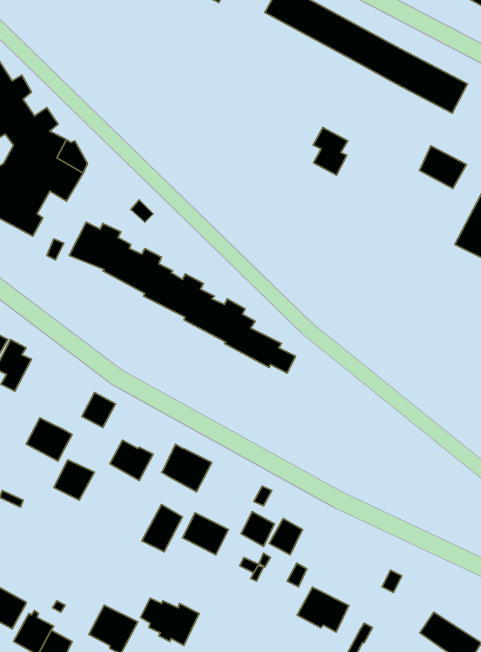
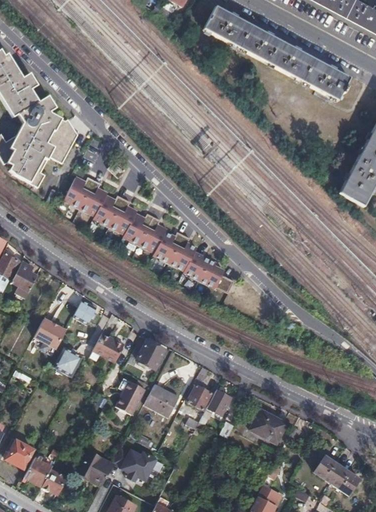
building: [313,127,348,175] -> none
building: [419,146,466,189] -> none
building: [297,587,349,632] -> [250,410,287,442]

